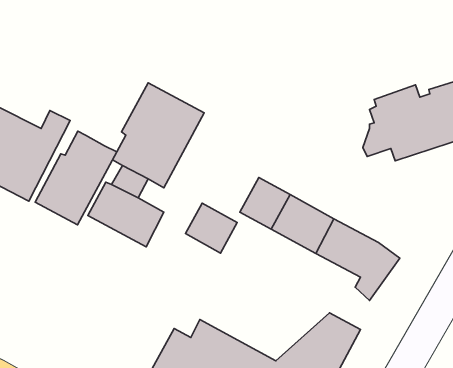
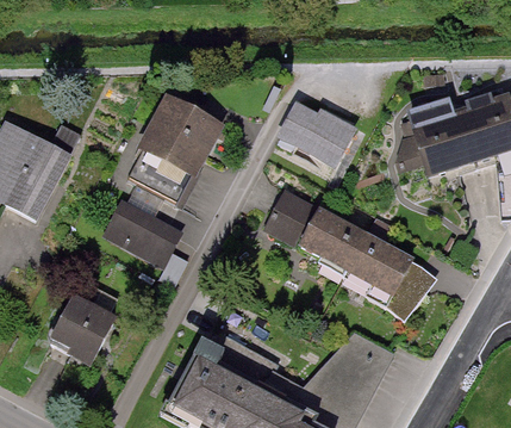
building: none -> [276,98,357,166]
building: [35,131,117,225] -> none
building: [185,203,237,253] -> none
building: none -> [50,294,116,366]

